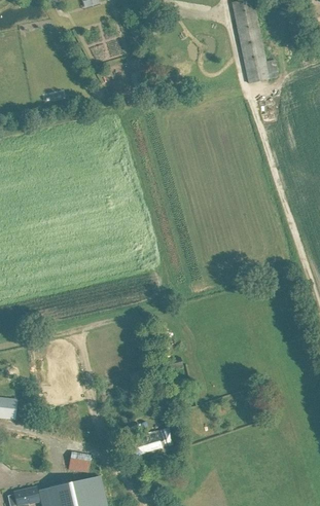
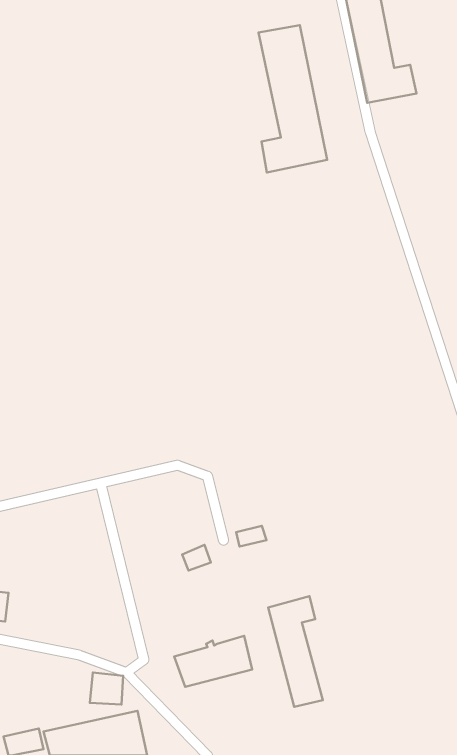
building: none -> [258,25,327,173]
building: none -> [268,596,323,707]

